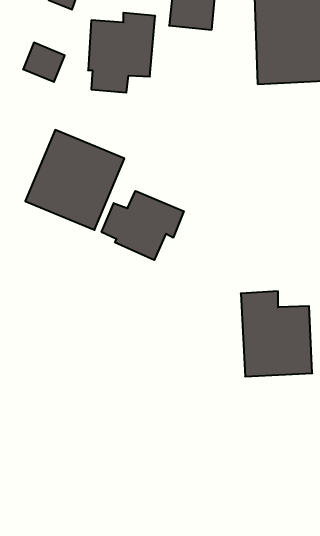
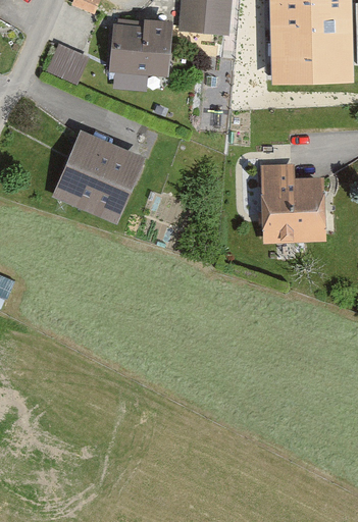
building: [102,191,184,260] -> none
building: [241,291,312,376] -> [259,162,327,244]

